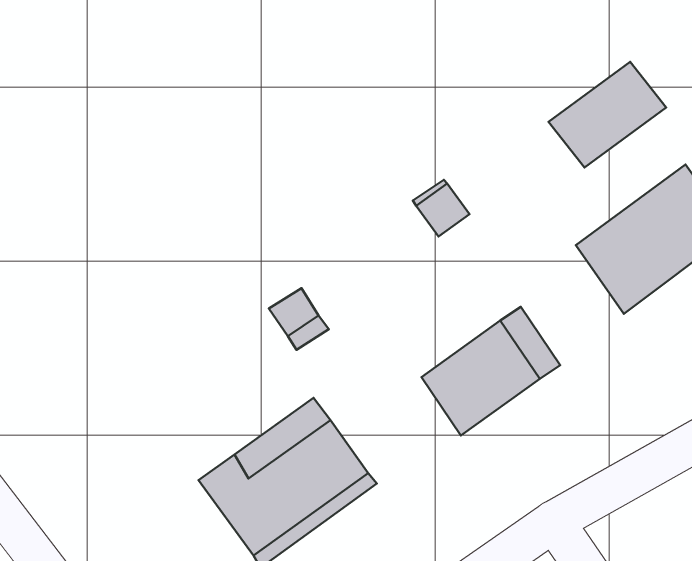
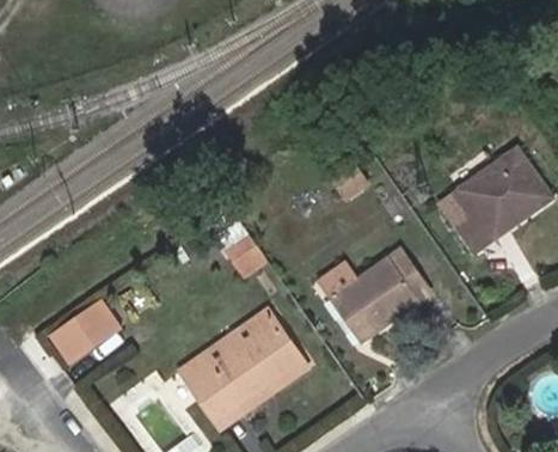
building: [548,62,666,168] -> none
building: none -> [56,301,123,360]

